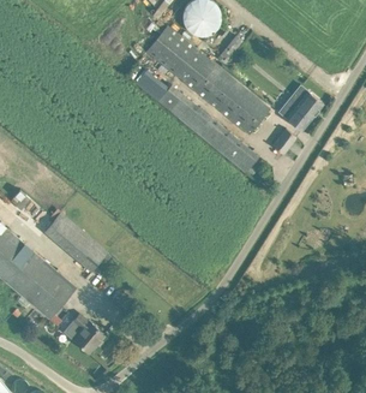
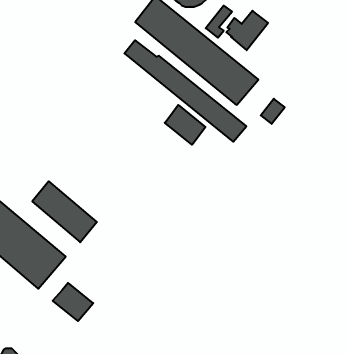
building: [281,91,323,131] -> [226,11,268,50]
building: none -> [165,105,205,145]

